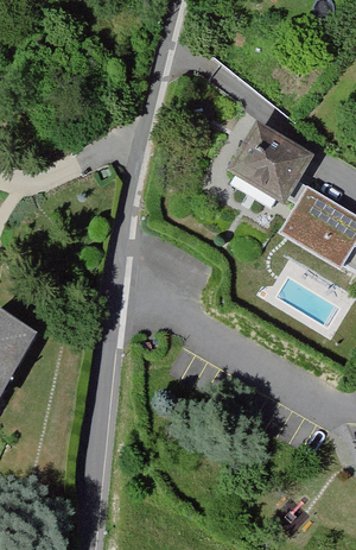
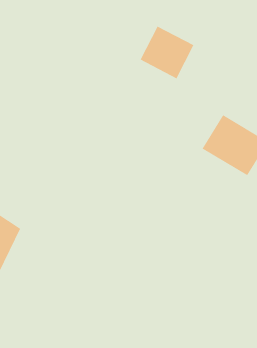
building: [235,127,309,200] -> [140,25,194,79]

